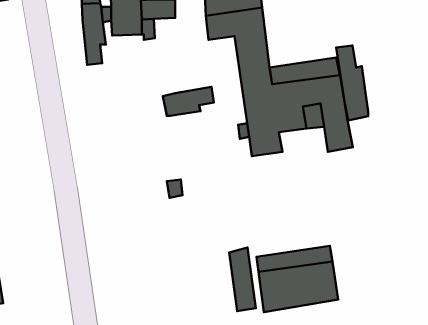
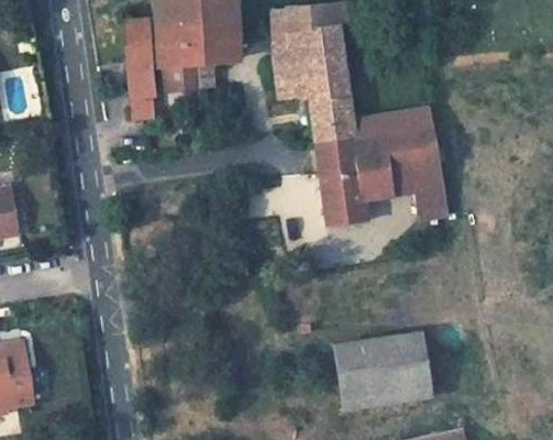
building: [336,46,368,120] -> none
building: [163,87,214,116] -> none
building: [229,247,256,311] -> none

